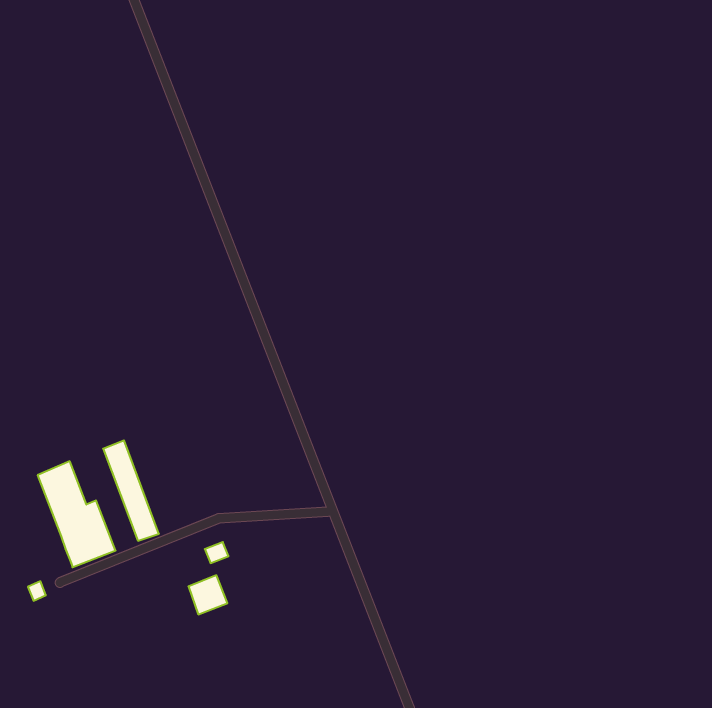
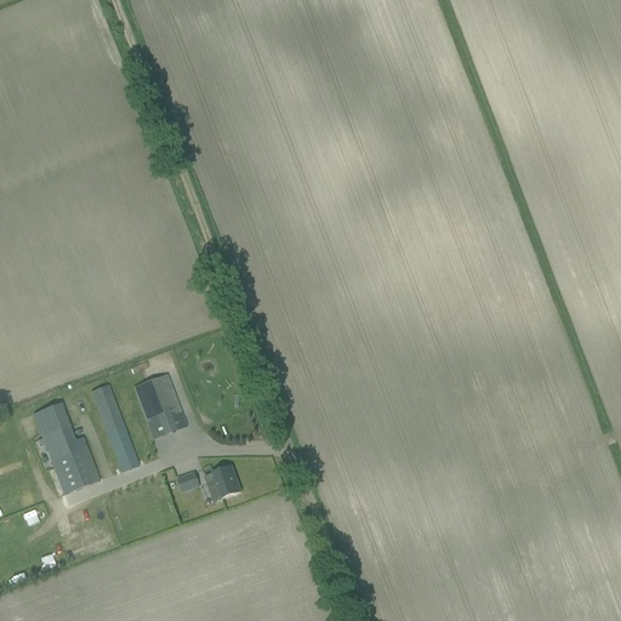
building: none -> [135,374,182,427]
building: [188,575,227,614] -> [206,466,240,500]

